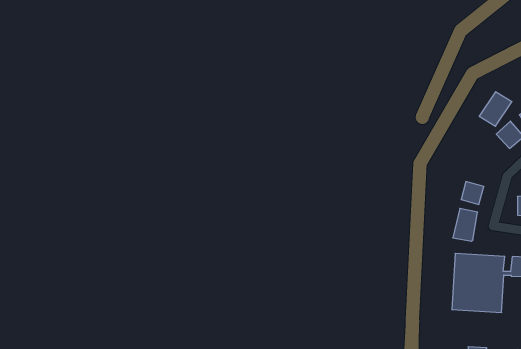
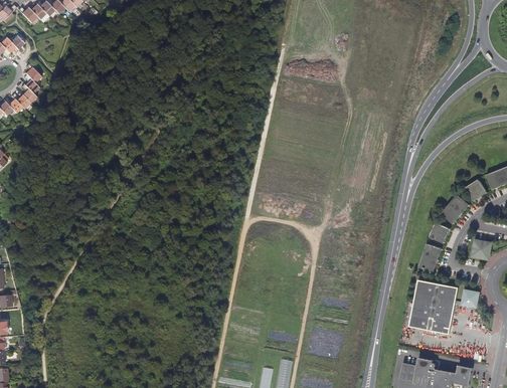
building: [479,92,512,126] -> [441,195,469,223]

